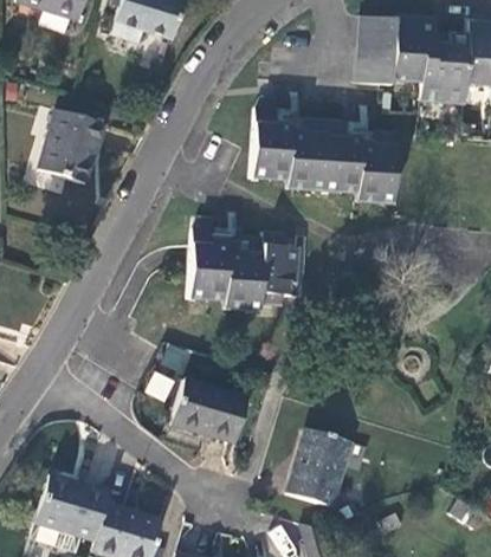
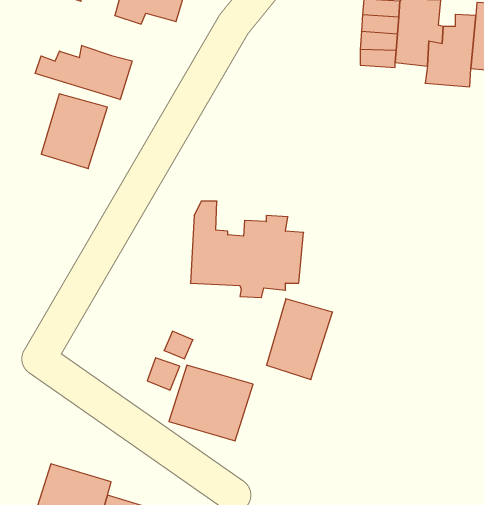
building: none -> [35,45,132,100]
building: [251,96,395,202] -> none
building: [288,427,353,506] -> [266,299,333,380]

